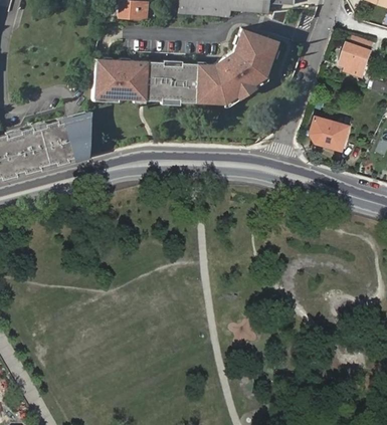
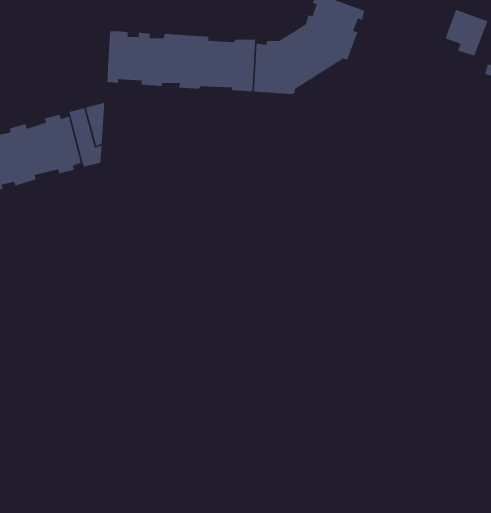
building: [311,116,350,150] -> none

